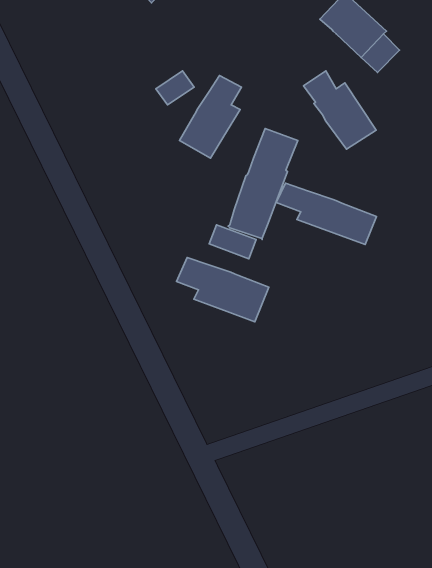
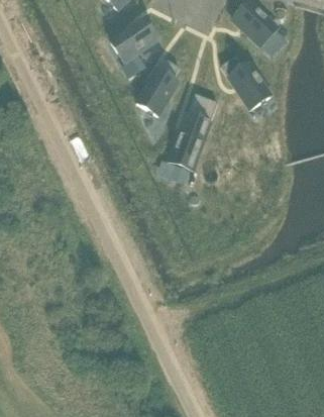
building: none -> [110,18,156,61]
building: [276,183,377,245] -> none
building: [177,257,269,322] -> none

